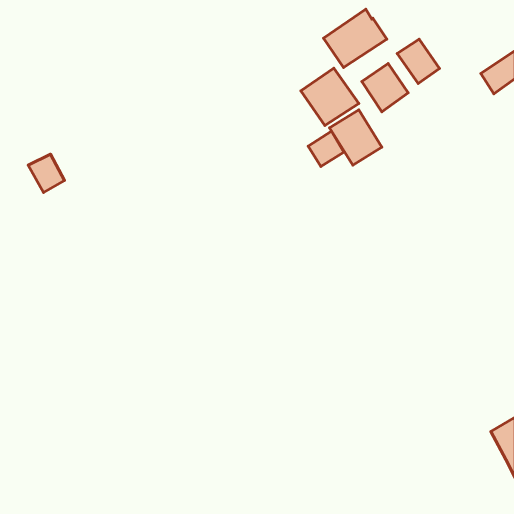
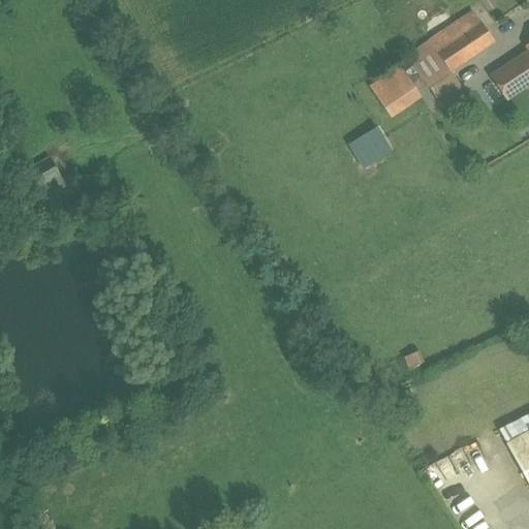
building: [323,9,387,68] -> [431,10,496,70]
building: [301,68,359,126] -> none
building: [308,131,344,166] -> none

